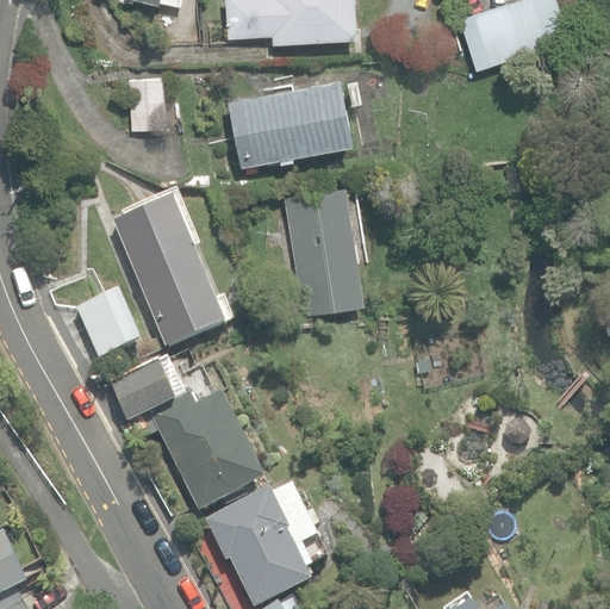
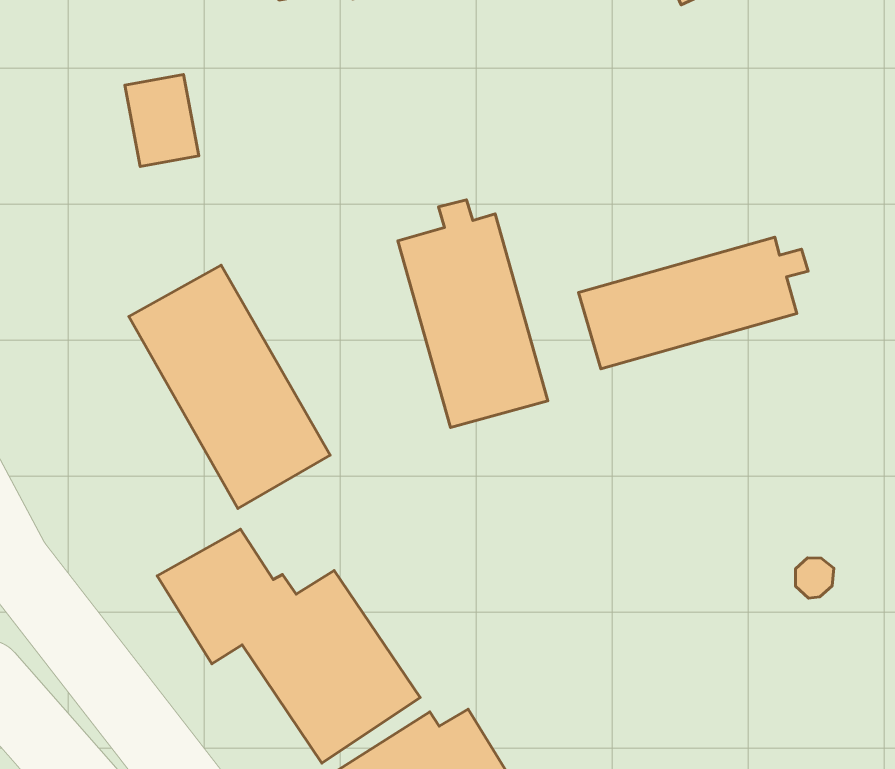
building: [228,76,354,164] -> none
building: none -> [579,237,808,369]
building: [76,290,142,359] -> none

